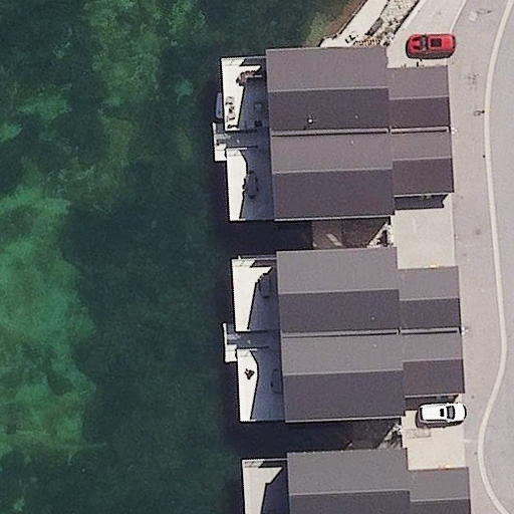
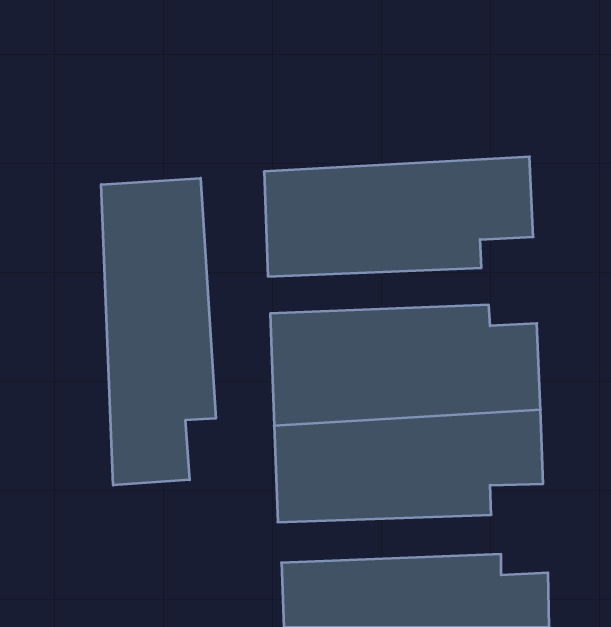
building: [228,48,447,140] -> none
building: none -> [101,178,216,485]

